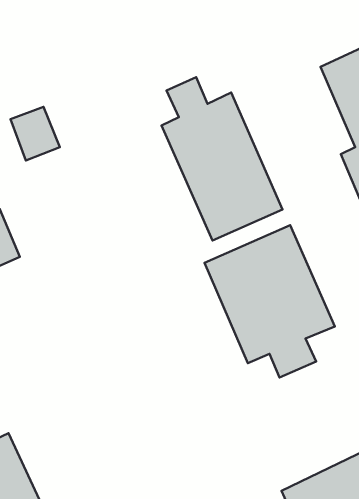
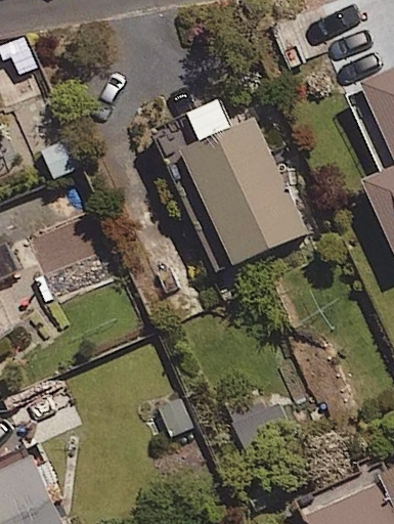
building: [204,225,335,377] -> none

